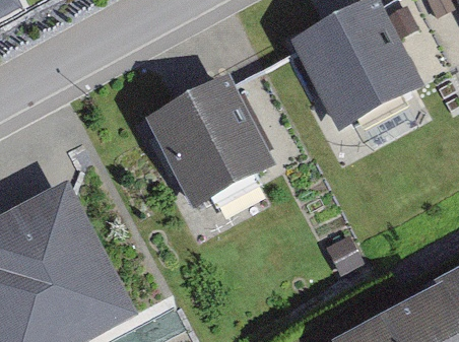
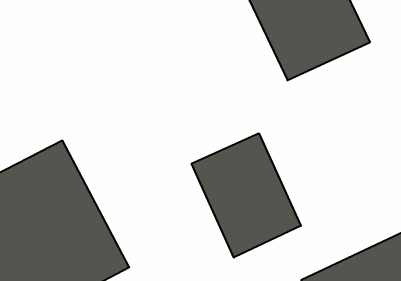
building: [142,62,273,202] -> none
building: none -> [192,133,301,258]

